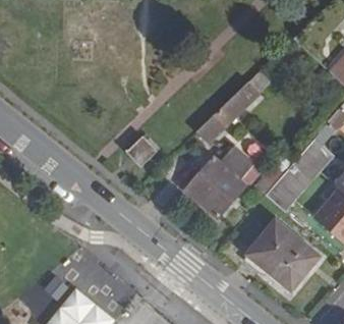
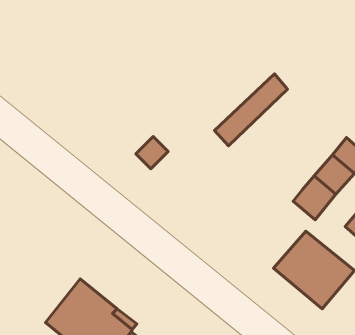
building: [186,146,253,215] -> none

